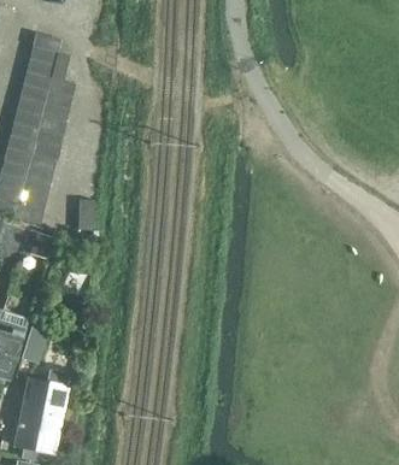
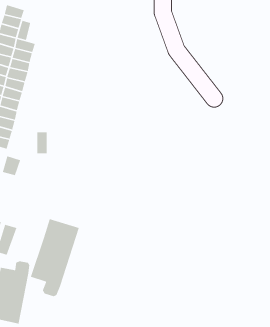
building: none -> [30,218,80,297]

